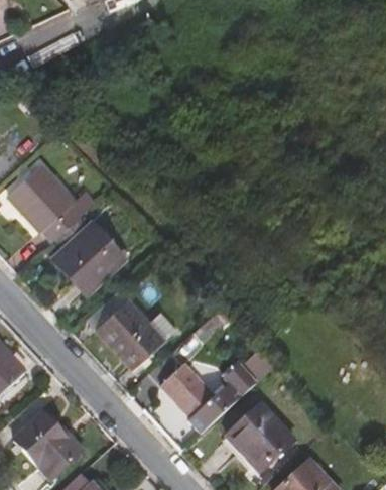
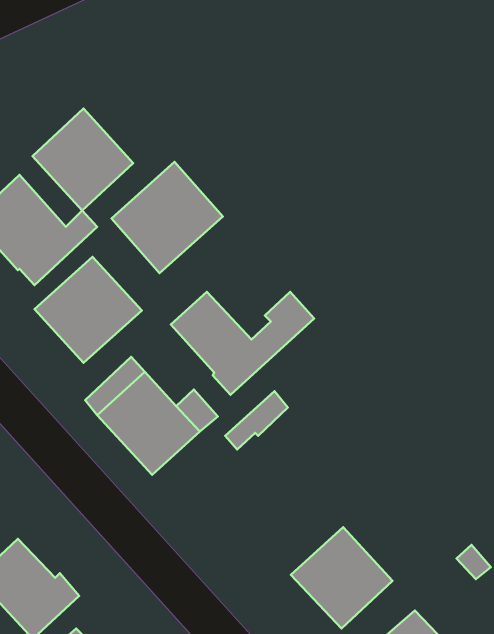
building: none -> [33,109,133,211]
building: none -> [111,162,223,273]
building: [160,363,257,433] -> [171,292,314,395]

